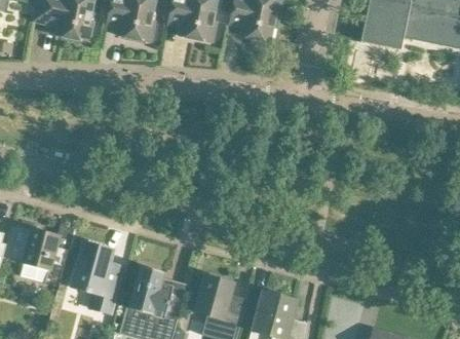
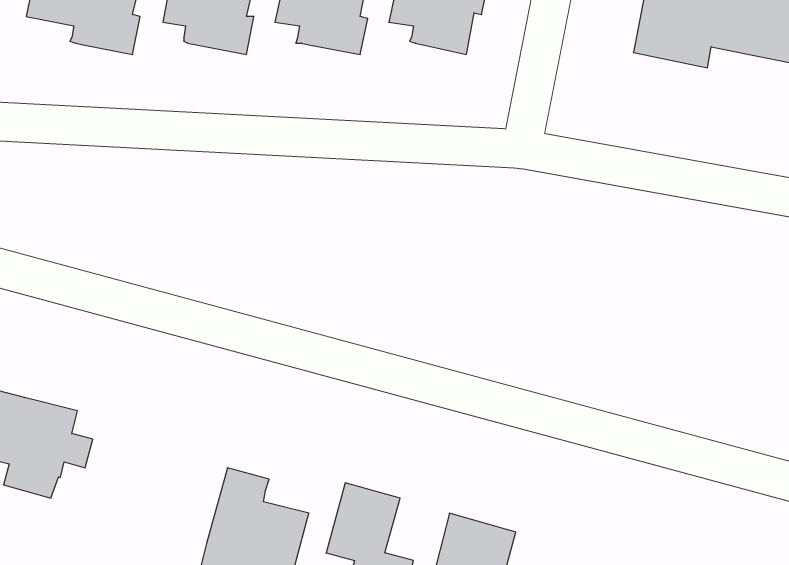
building: [72,240,123,312] -> none

